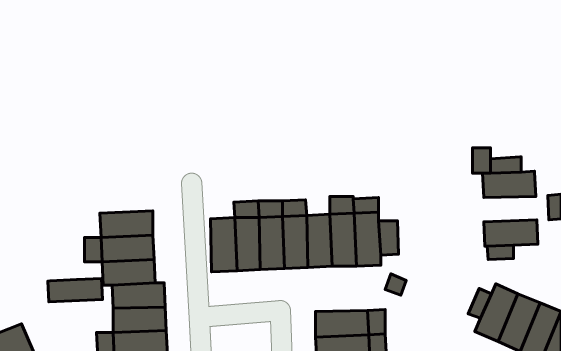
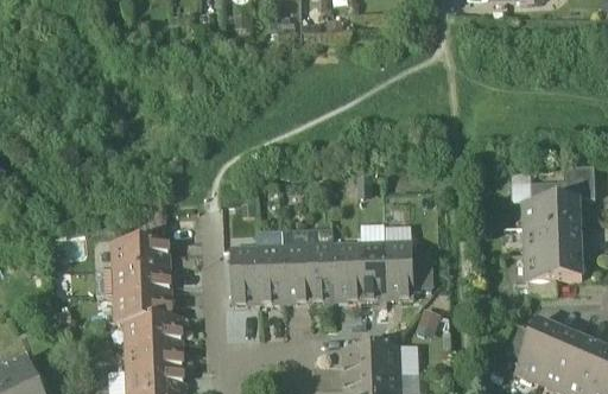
building: none -> [562,165,595,198]
building: none -> [524,224,581,252]
building: [48,279,103,302] -> none

